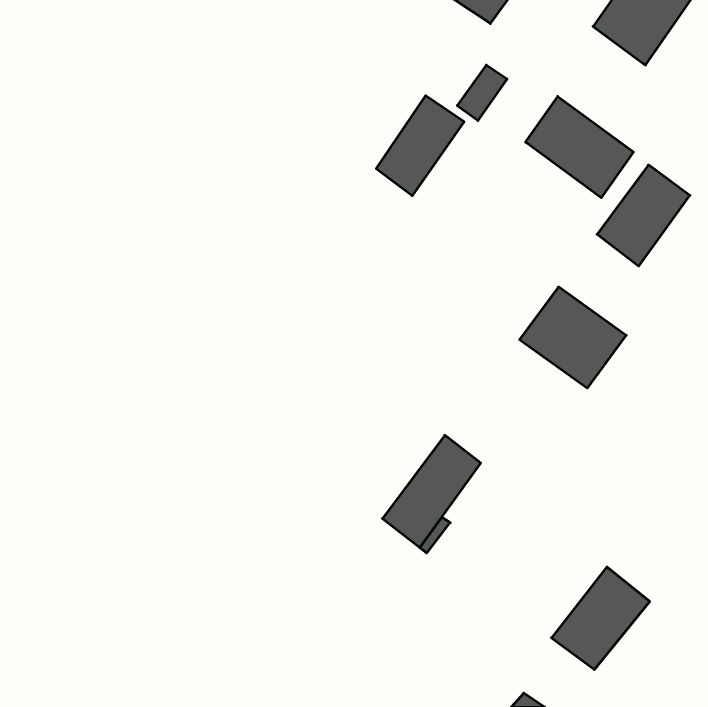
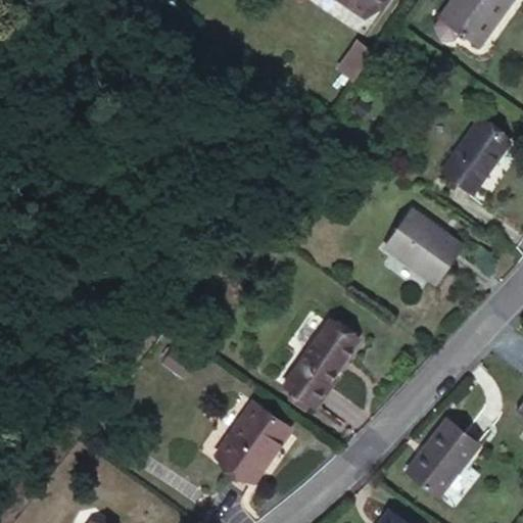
building: [376,96,464,196] -> none
building: [526,96,633,198] -> none
building: none -> [217,405,290,482]

